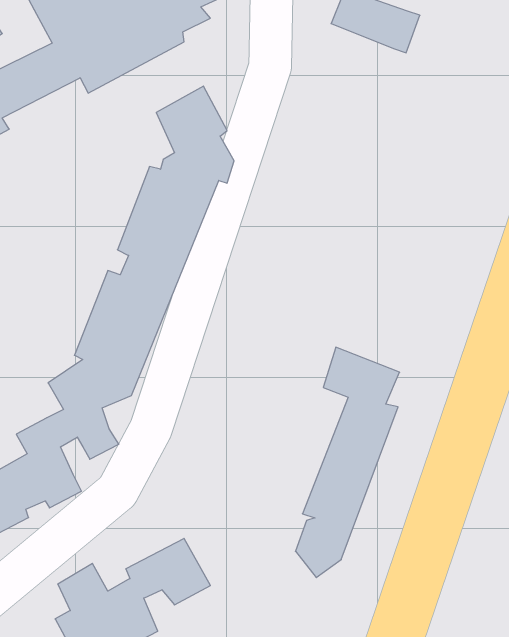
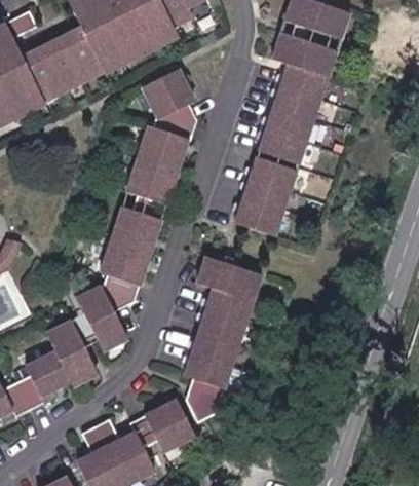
building: none -> [251,33,334,169]
building: none -> [221,163,283,244]
building: [295,347,400,578] -> [183,255,260,425]

